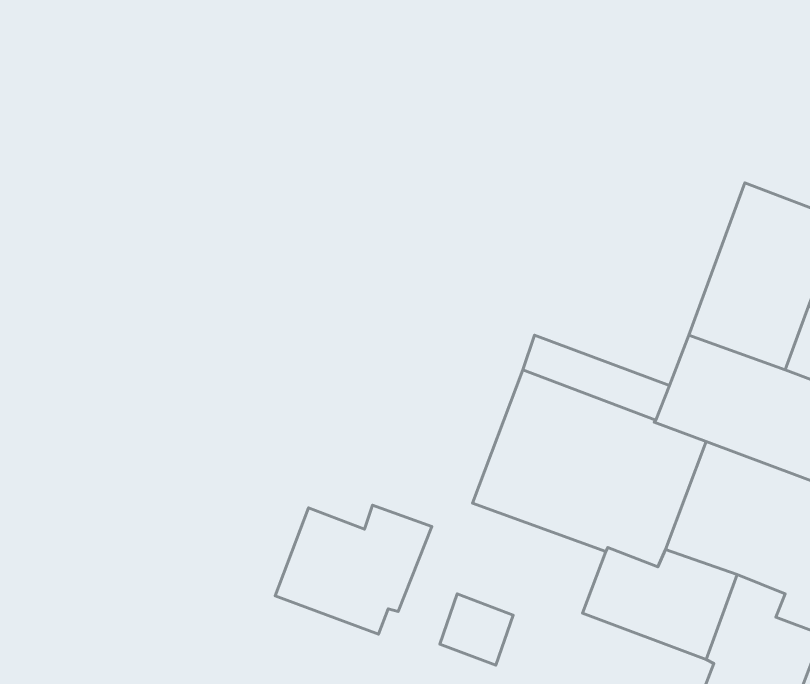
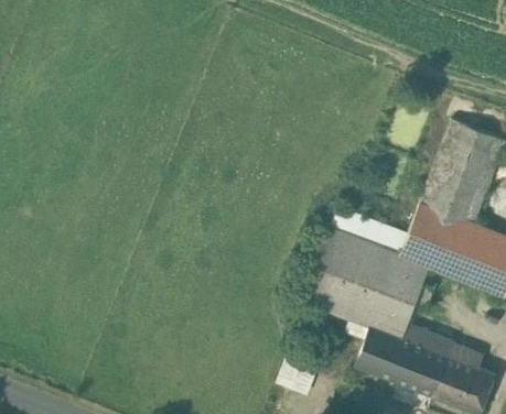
building: [275,505,432,634] -> none

